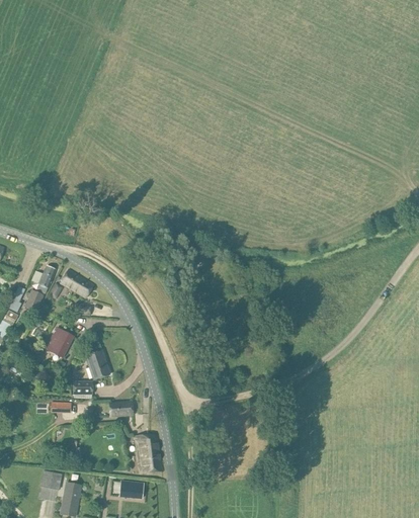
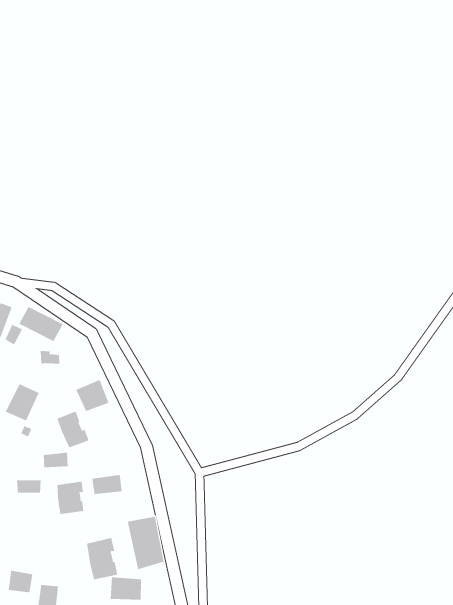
building: none -> [75,379,109,412]
building: none -> [57,481,84,515]
building: none -> [86,537,118,580]

